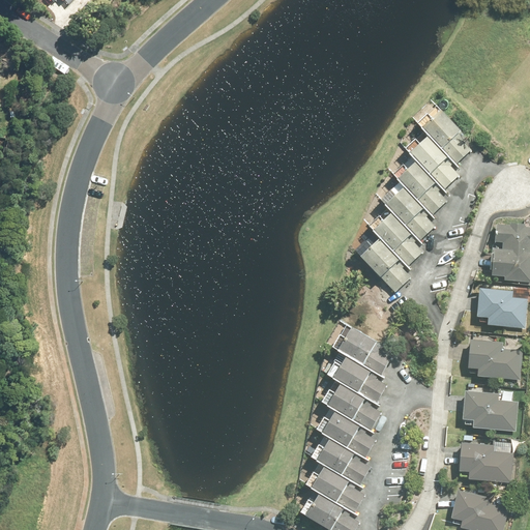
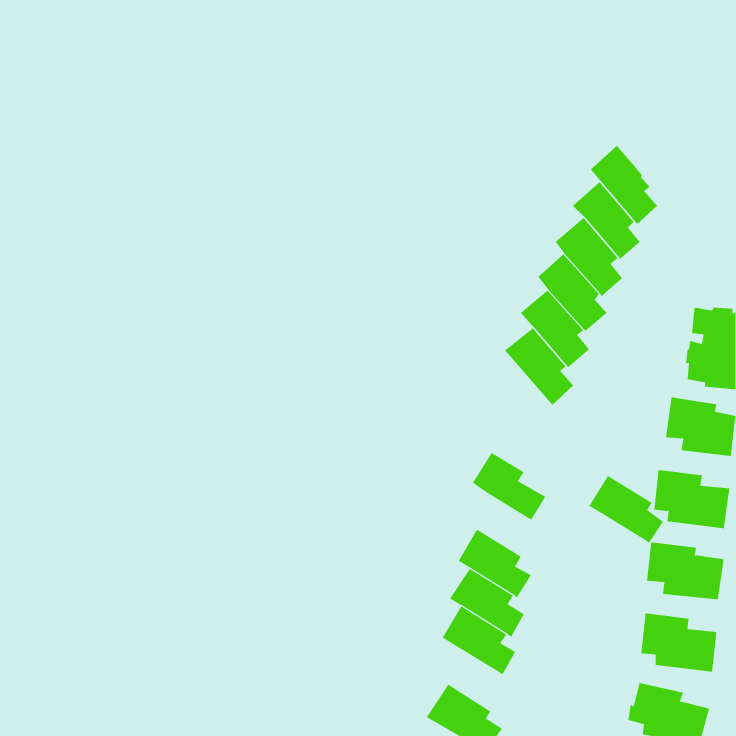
building: [332,354,386,403] -> [589,475,664,543]
building: [311,464,364,513] -> none

